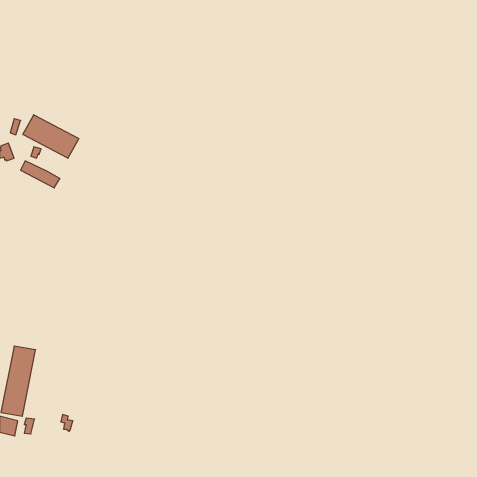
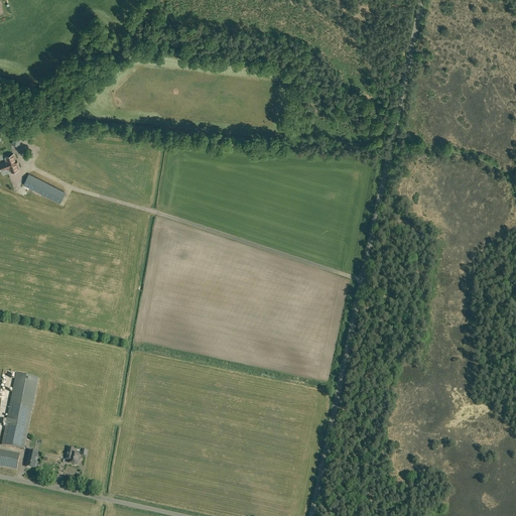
building: [23,115,79,158] -> none

